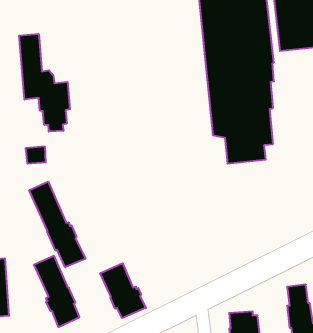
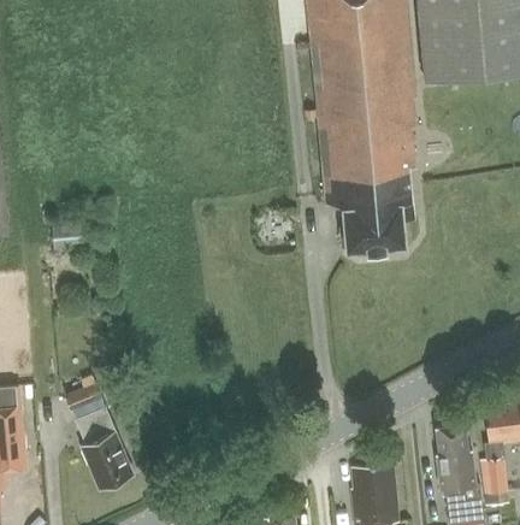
building: [19,34,70,132] -> none
building: [29,182,85,267] -> none
building: [100,263,146,318] -> none

